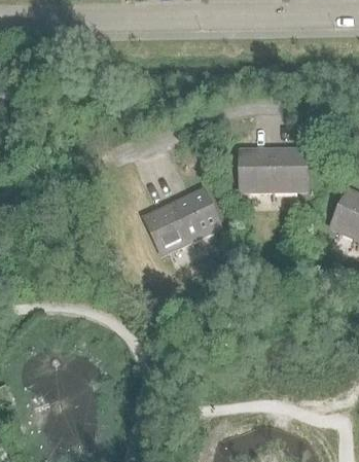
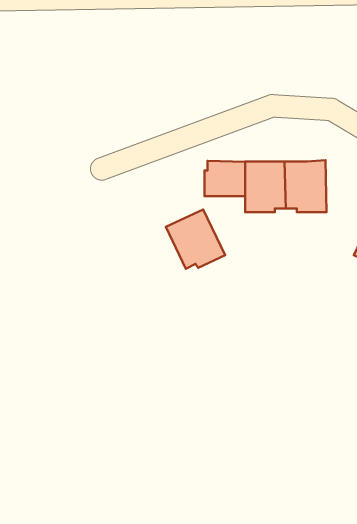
building: none -> [205,161,245,196]
building: [144,203,190,255] -> none

